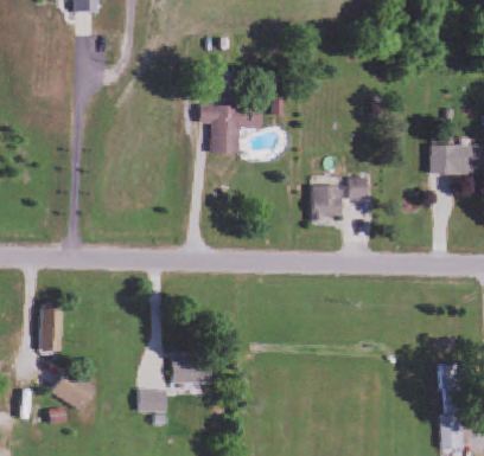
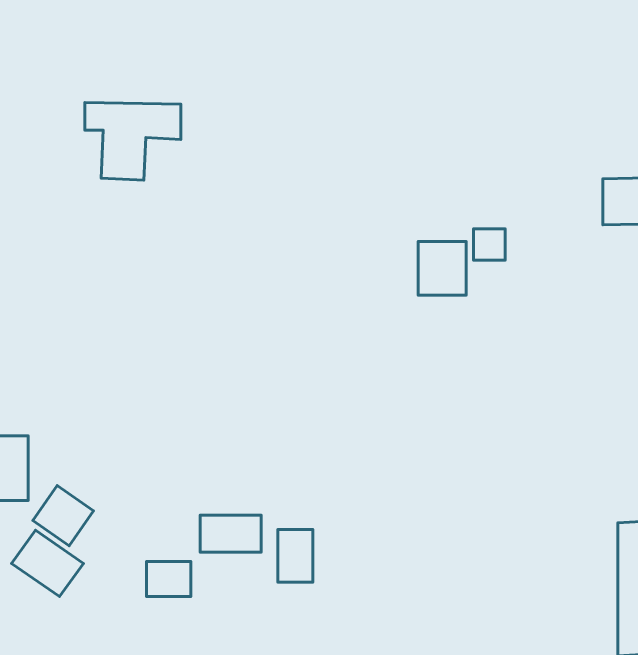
building: [199,103,261,153] -> [85,102,181,180]
building: none -> [33,486,93,546]
building: none -> [278,529,313,582]

